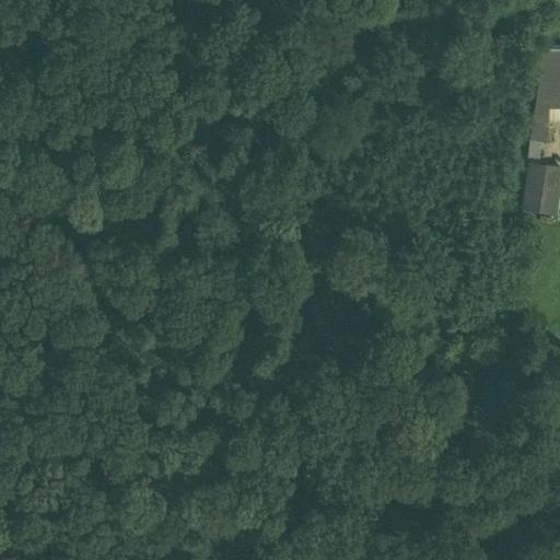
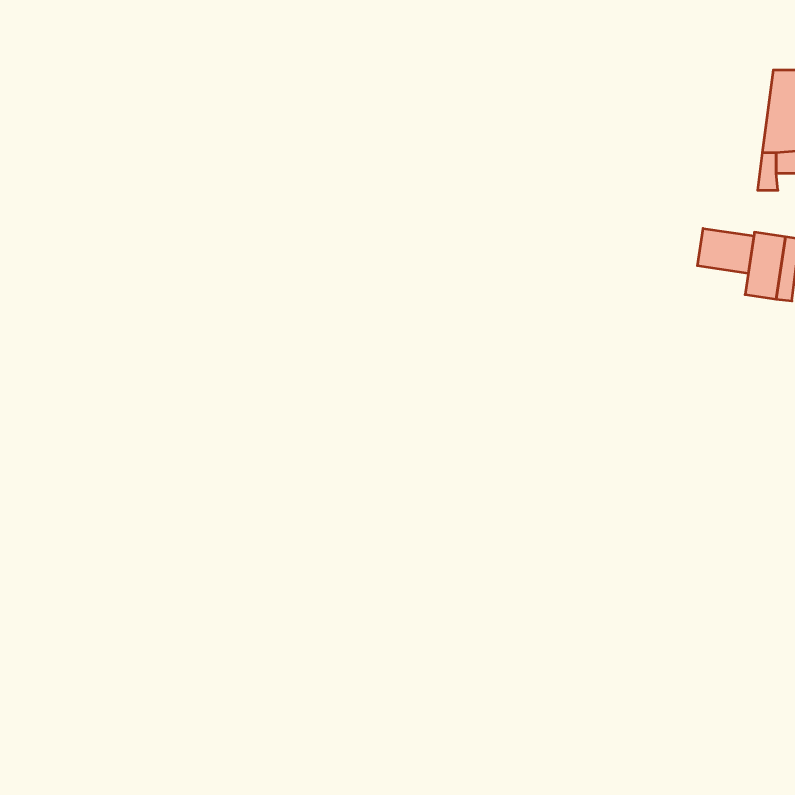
building: none -> [697,228,754,273]

